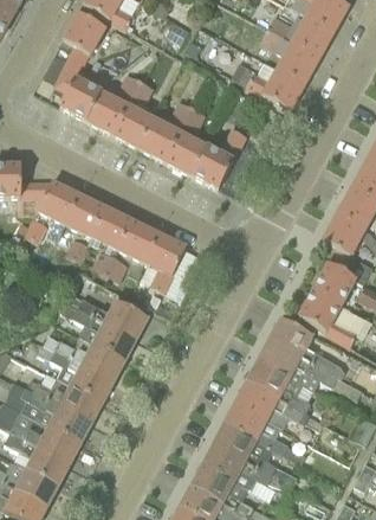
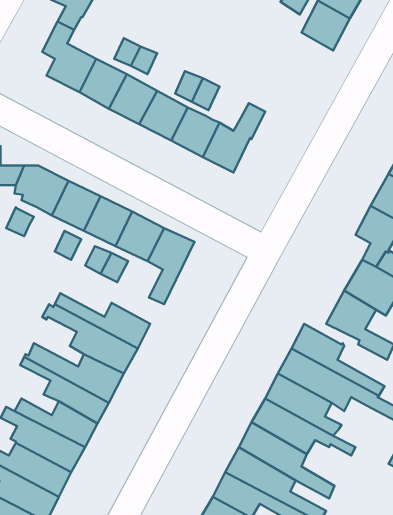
building: [235,65,304,109] -> none

